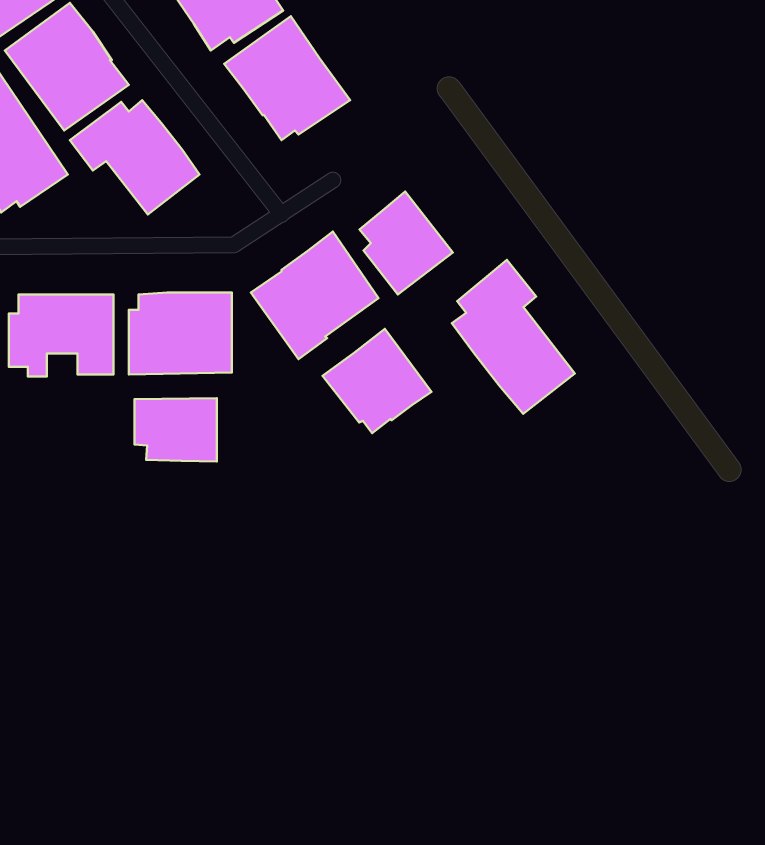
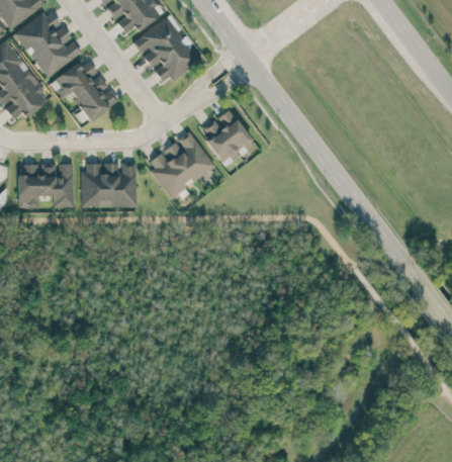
building: [452,260,575,414] -> none
building: [323,329,432,433] -> none
building: [135,398,217,461] -> none

